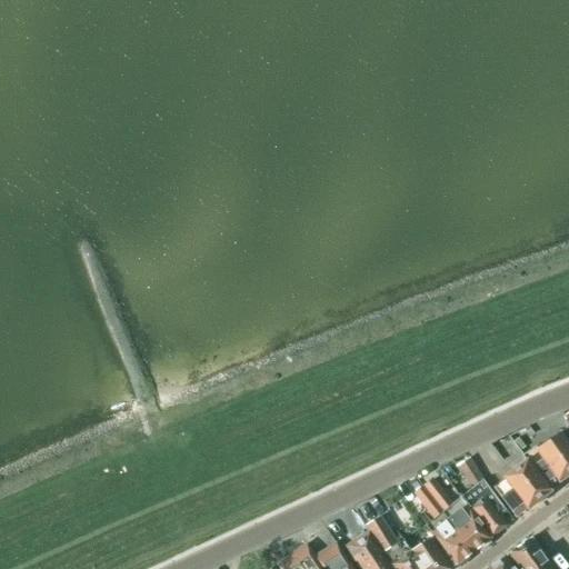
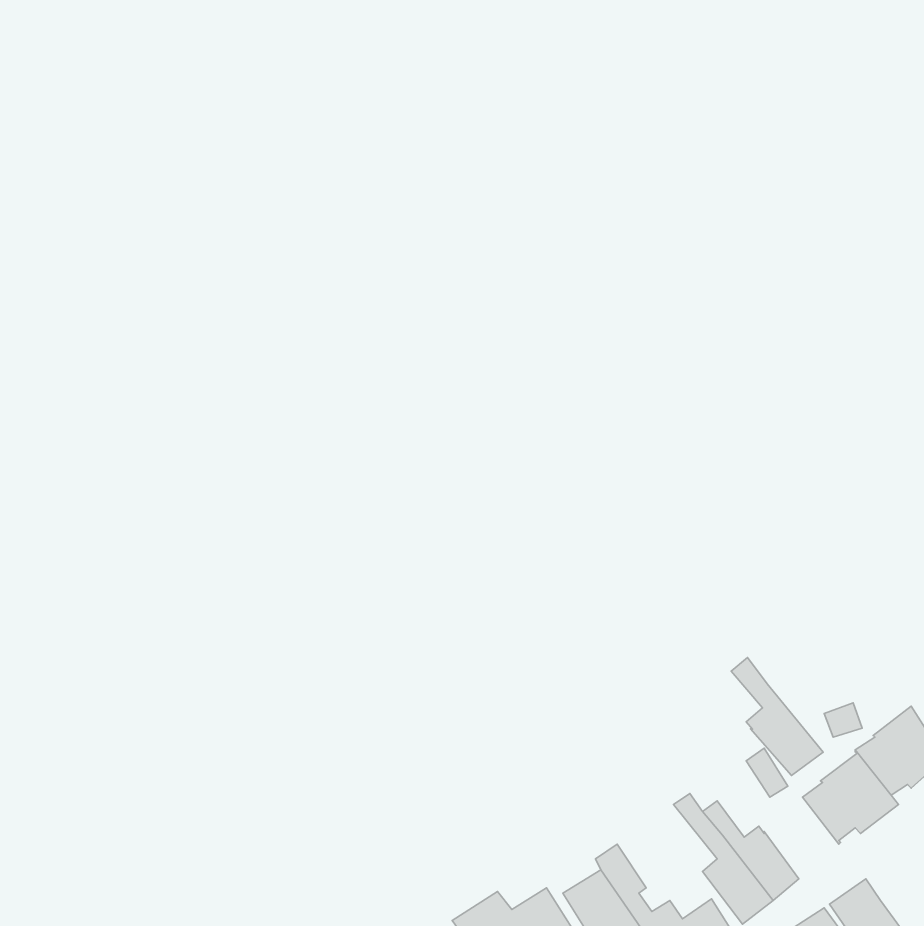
building: none -> [731,657,823,776]
building: [470,498,508,539] -> none

